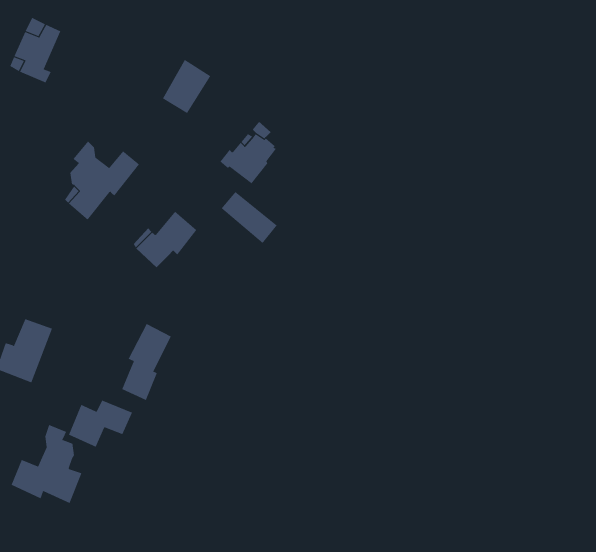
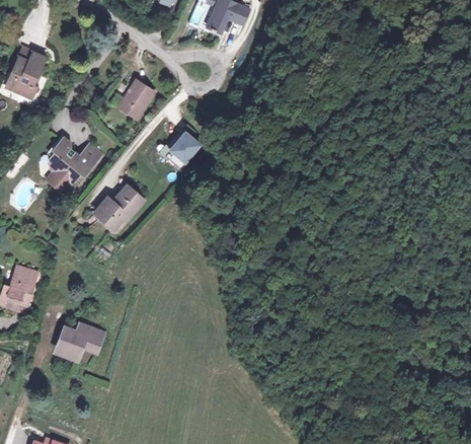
building: [221,191,278,244] -> none
building: [122,323,171,401] -> none
building: [11,424,82,504] -> none

